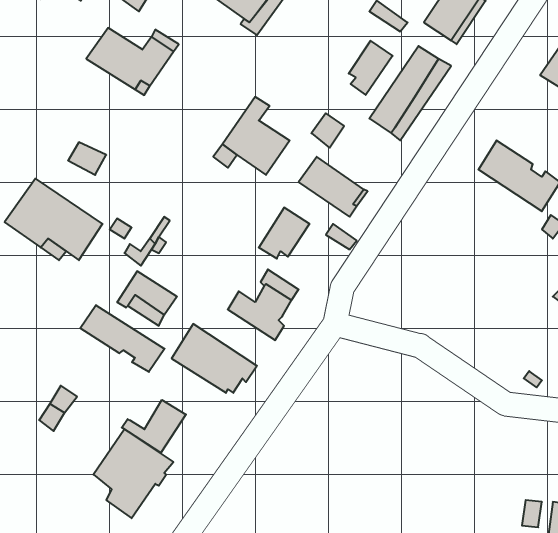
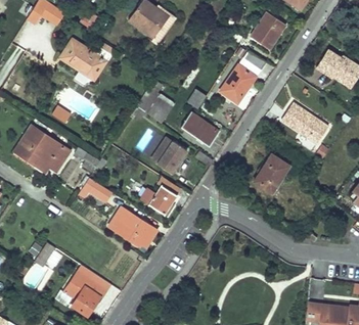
building: [349,41,393,95] -> none
building: none -> [253,153,288,193]
building: [80,305,165,372] -> none
building: [122,400,186,453] -> none

